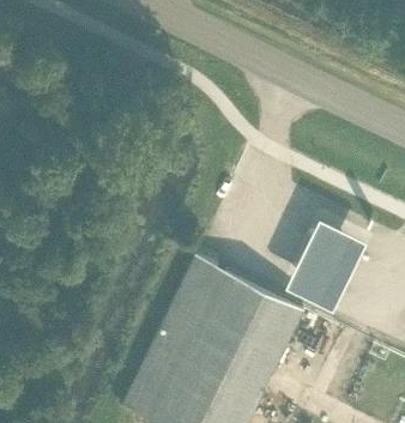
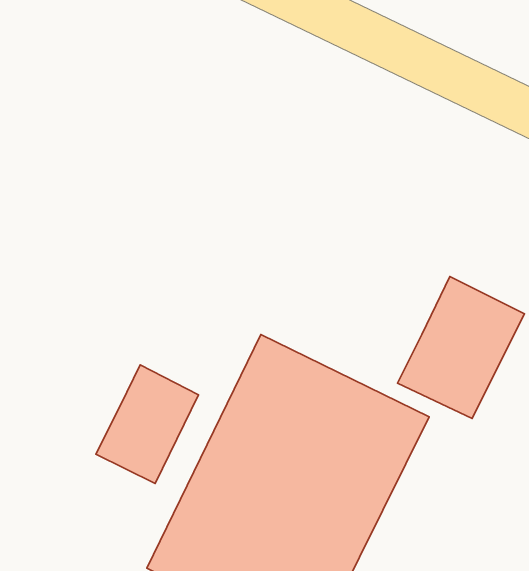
building: none -> [96,365,198,483]

